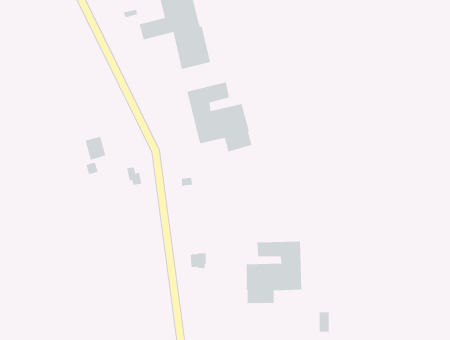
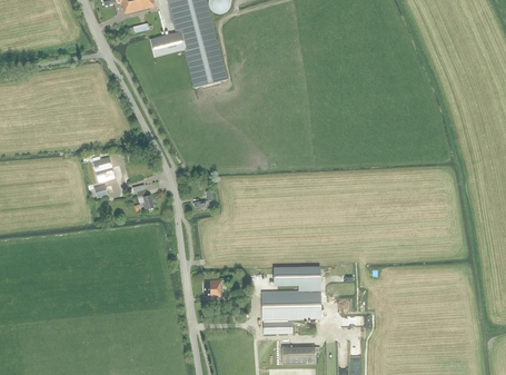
building: [187,82,252,152] -> none
building: none -> [282,346,320,364]

